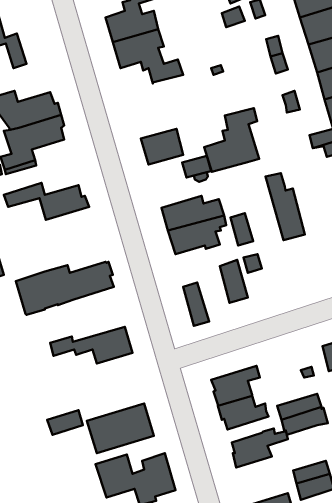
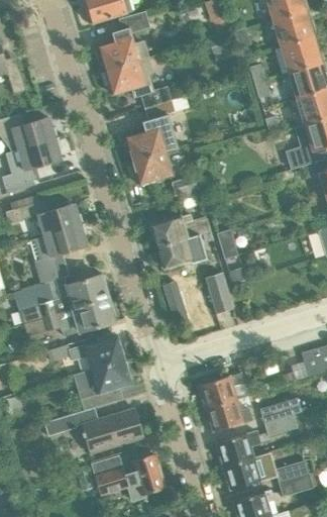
building: [204,108,259,172] -> [125,100,177,160]
building: [265,173,305,240] -> none
building: none -> [29,223,87,284]
building: none -> [25,298,114,337]
building: none -> [74,359,130,409]
building: none -> [221,456,266,490]

